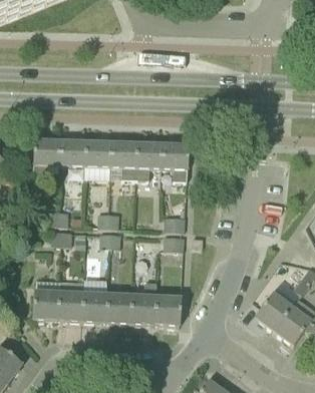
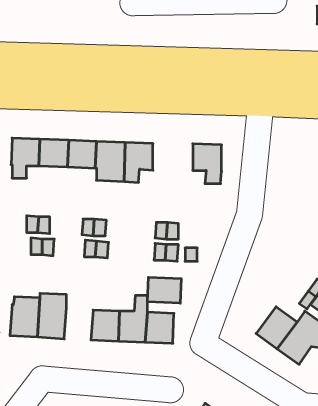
building: [162,144,188,180] -> [193,144,222,184]
building: none -> [147,277,181,303]
building: [81,293,107,322] -> none

